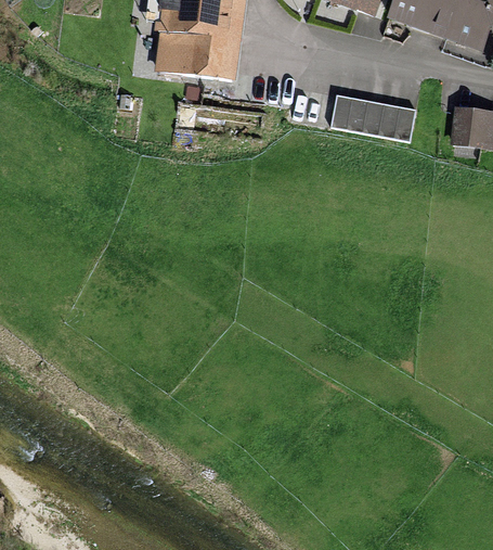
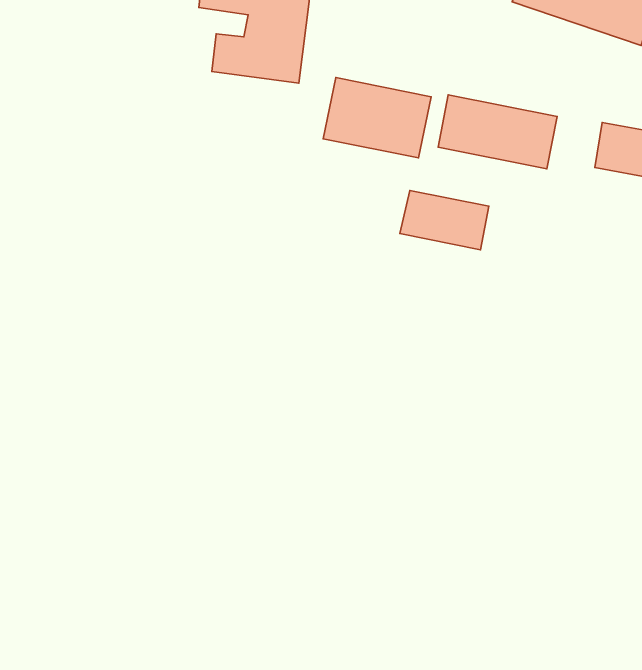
building: none -> [323,78,431,158]
building: none -> [400,191,489,250]

